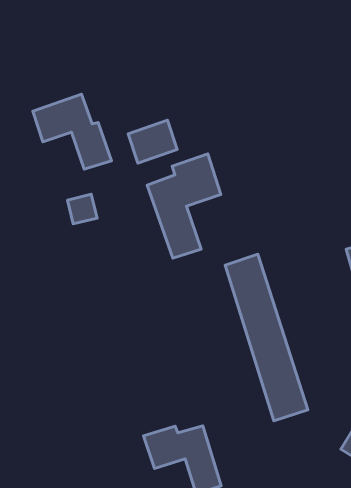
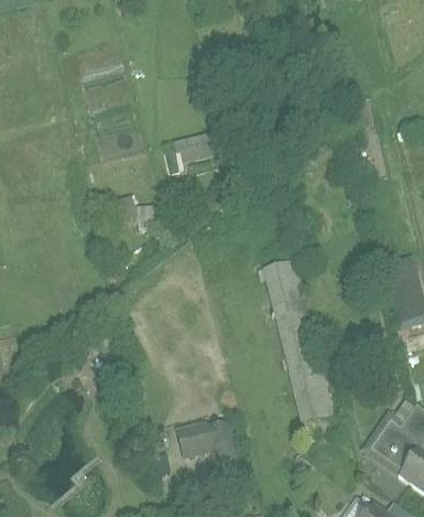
building: [33,94,111,169] -> none
building: [147,154,221,258] -> none

